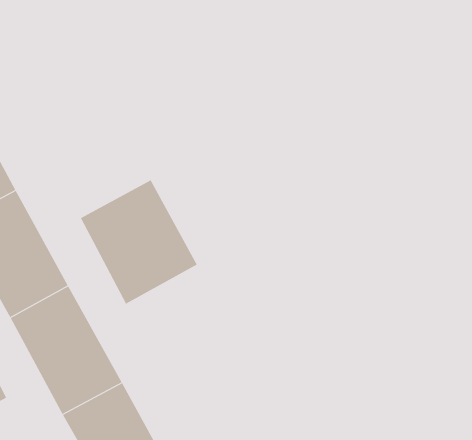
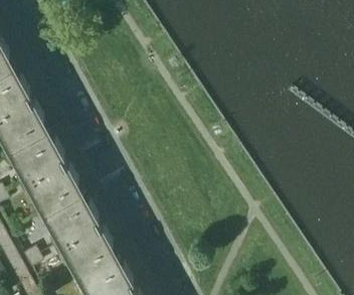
building: [80,179,198,305] -> none

